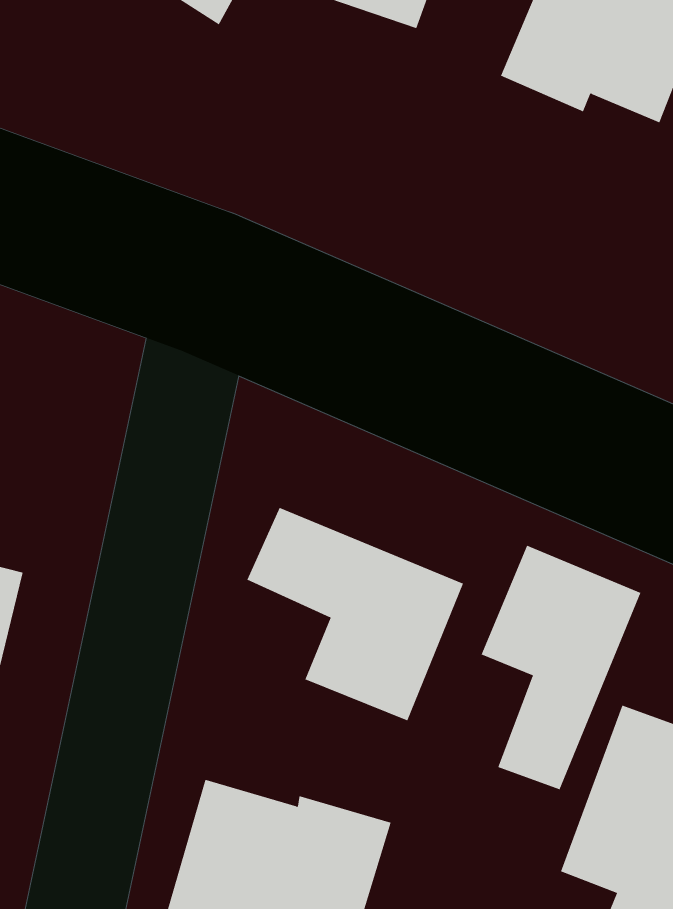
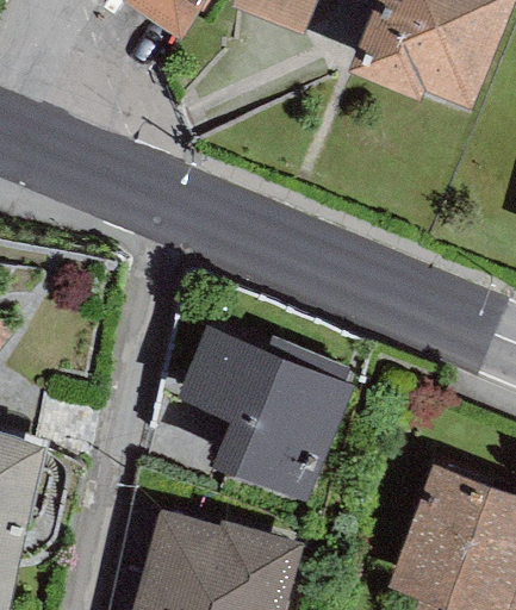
building: [481,545,641,790] -> none

